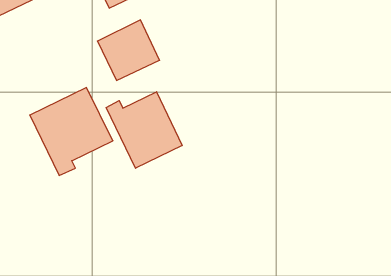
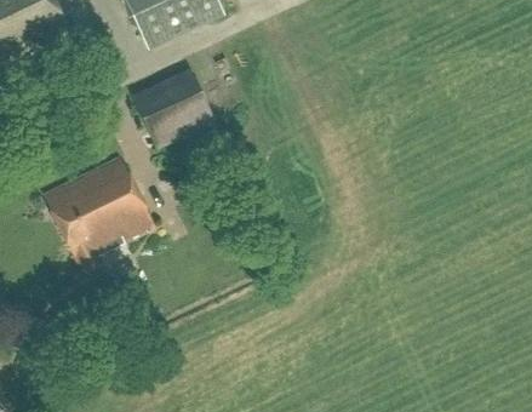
building: [106,92,182,168] -> none

